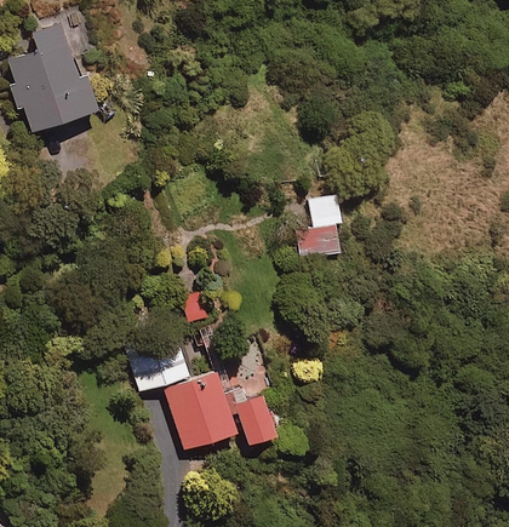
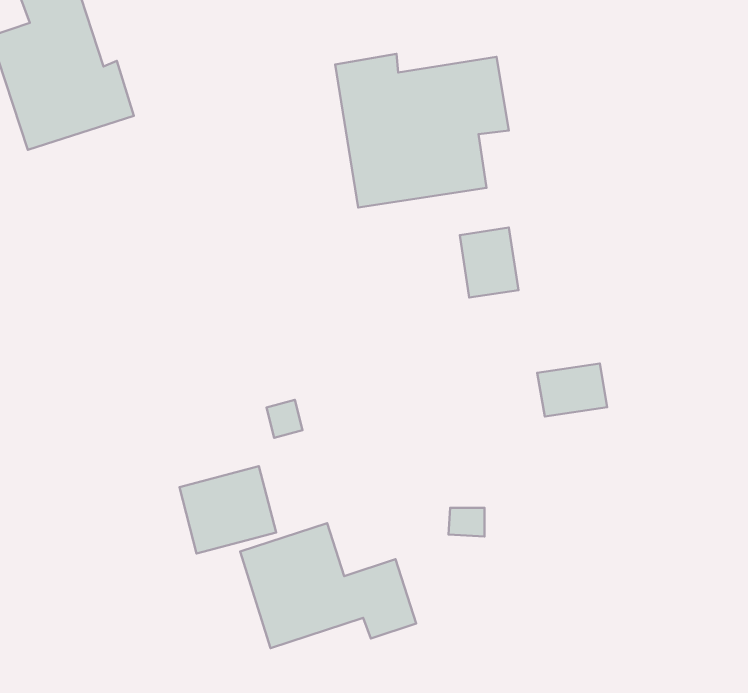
building: none -> [335,54,509,207]
building: [297,225,342,259] -> [537,363,607,417]

